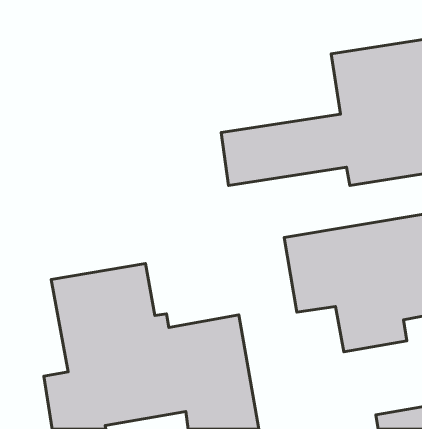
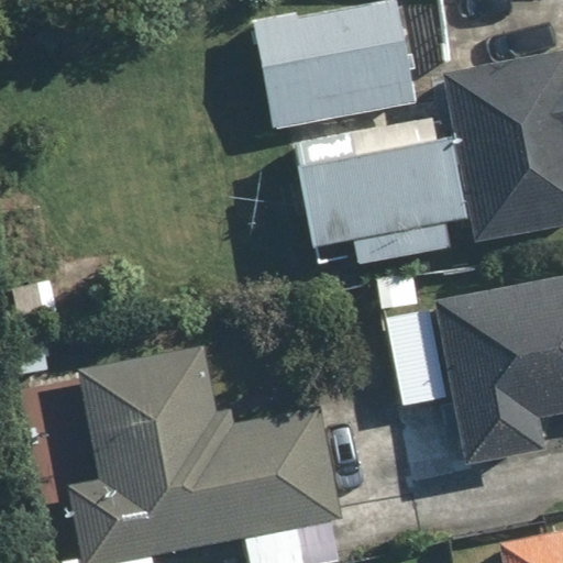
building: none -> [291,4,415,110]

